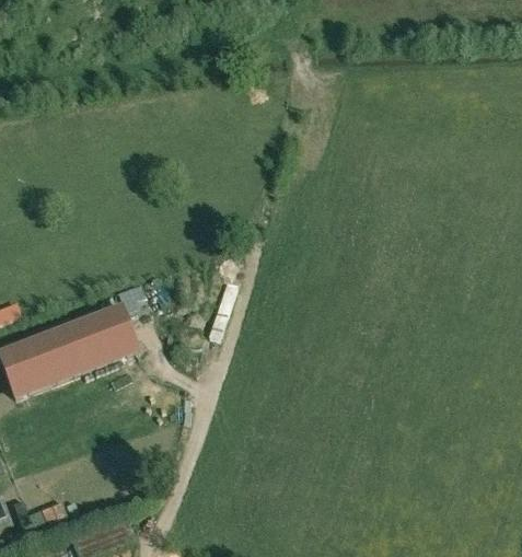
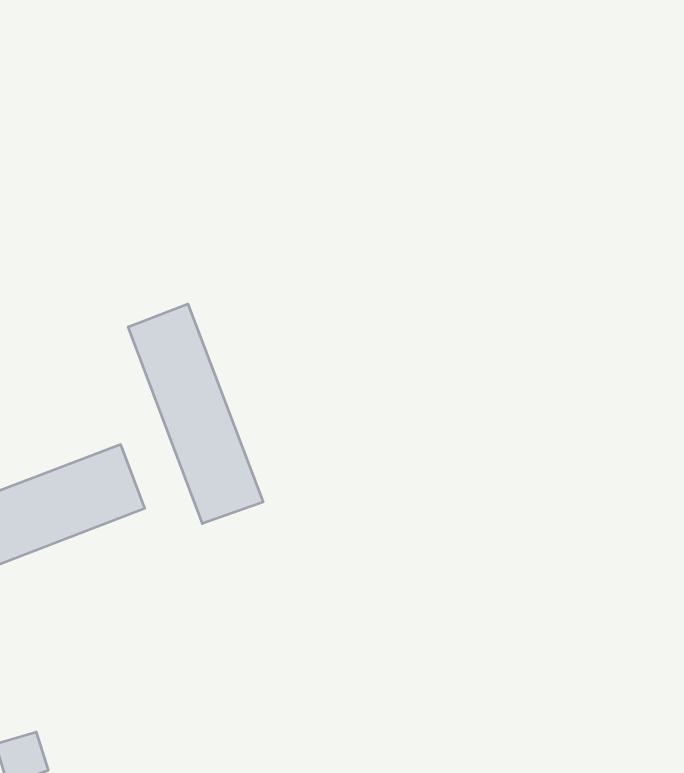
building: none -> [128,304,263,524]

